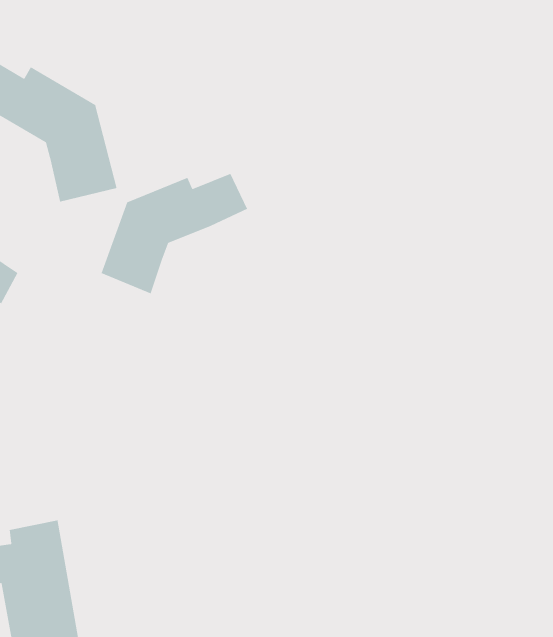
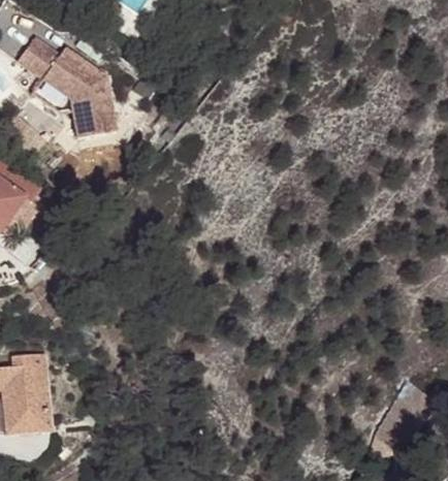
building: [100,173,248,295] -> none

